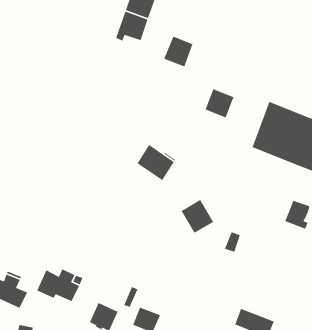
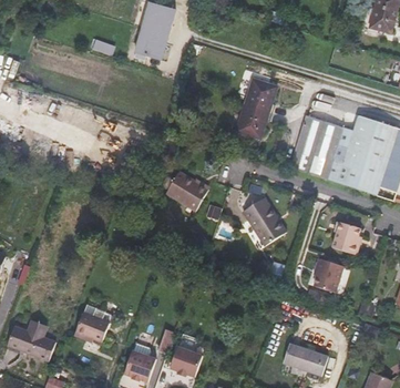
building: [163,35,193,68] -> [244,79,276,113]
building: [180,199,214,234] -> [242,196,279,235]
building: none -> [312,257,342,292]

